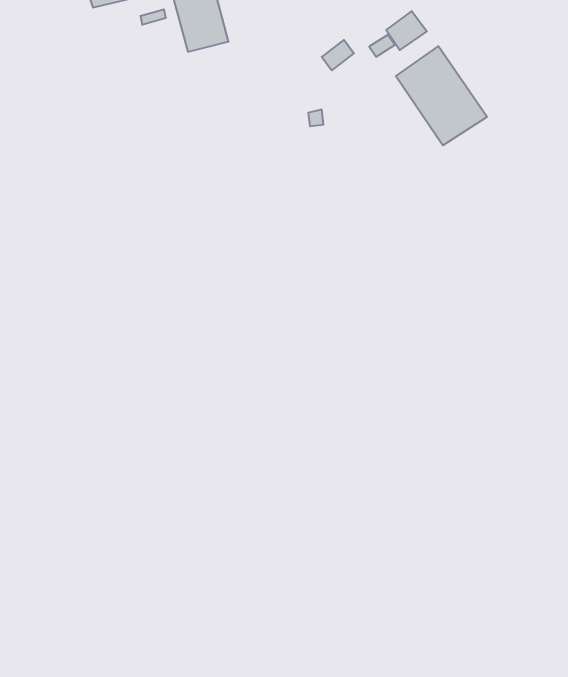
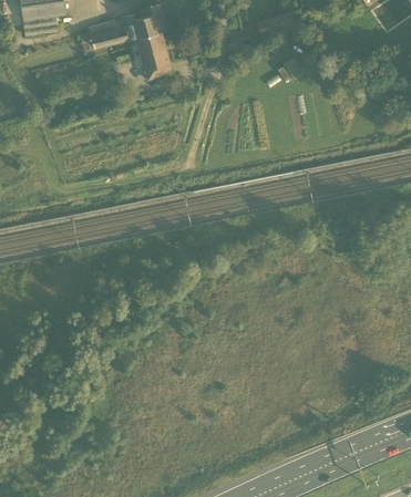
building: [396,46,487,145] -> none

